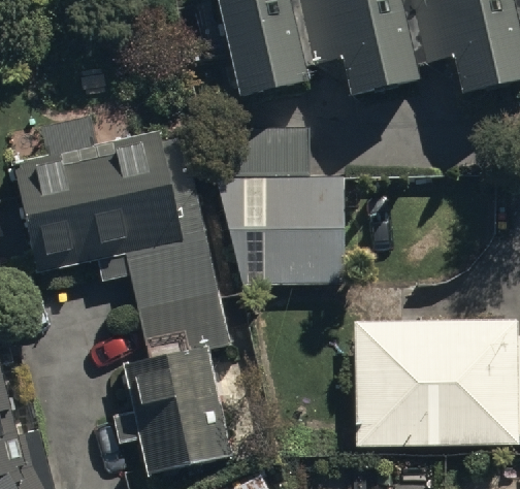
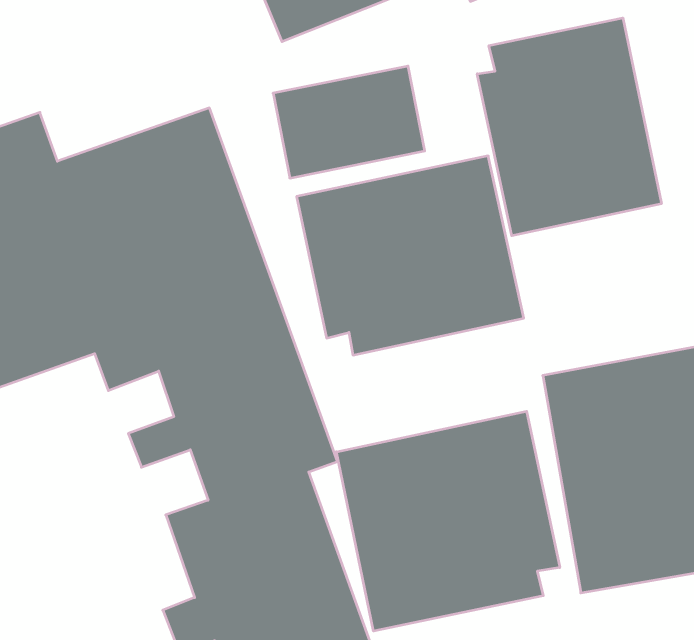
building: none -> [477,18,661,236]
building: none -> [336,411,560,631]

